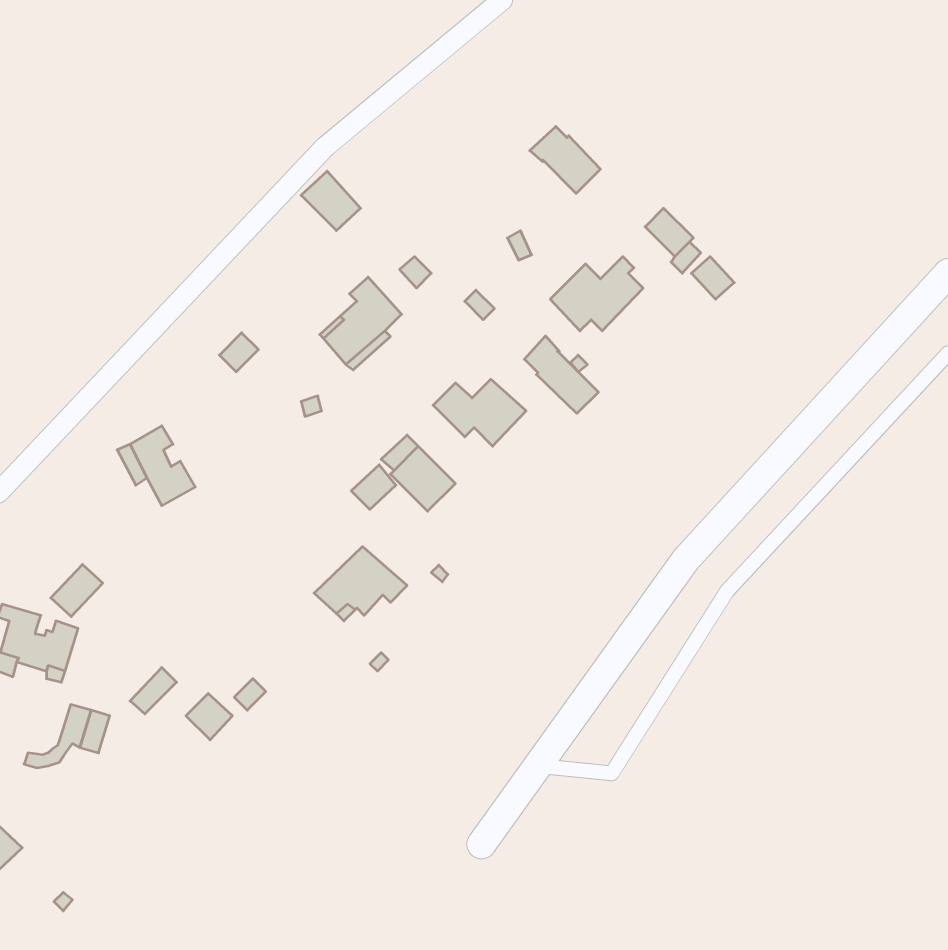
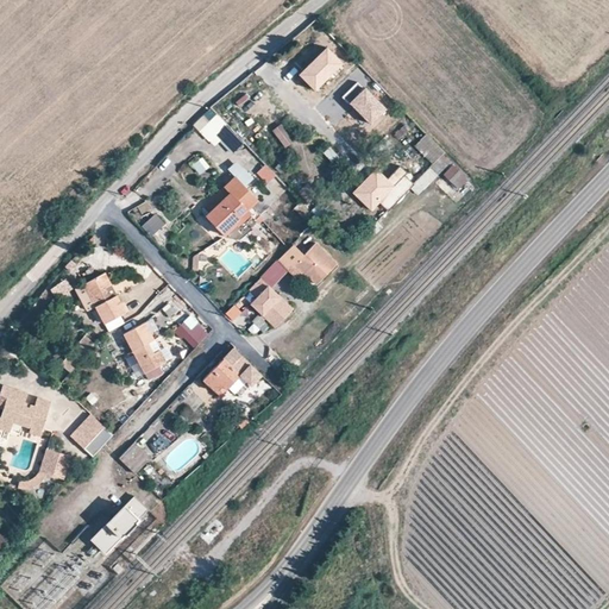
building: none -> [299,46,343,92]
building: [524,336,598,413] -> none
building: none -> [175,315,209,350]
building: none -> [123,324,164,373]
building: [51,564,103,617] -> [70,415,103,448]
building: none -> [90,496,145,552]

